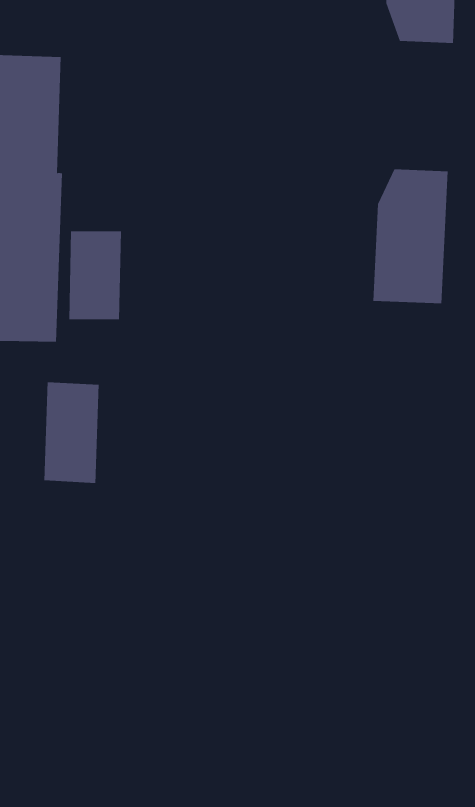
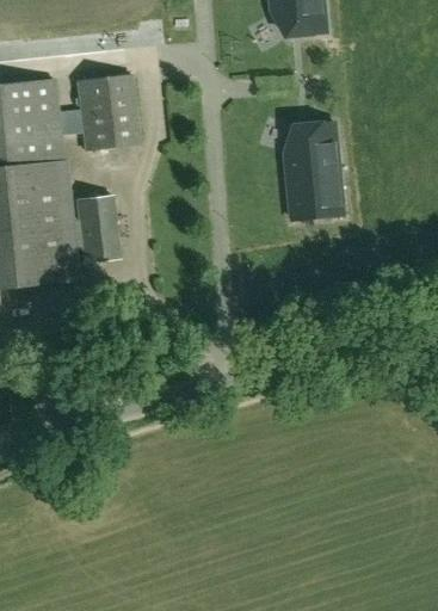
building: none -> [75,73,142,150]
building: [44,382,99,484] -> none

